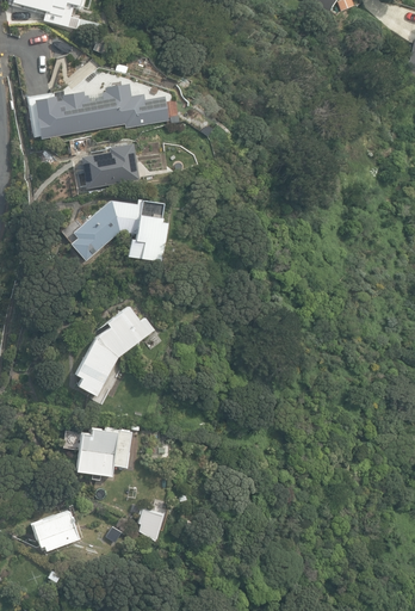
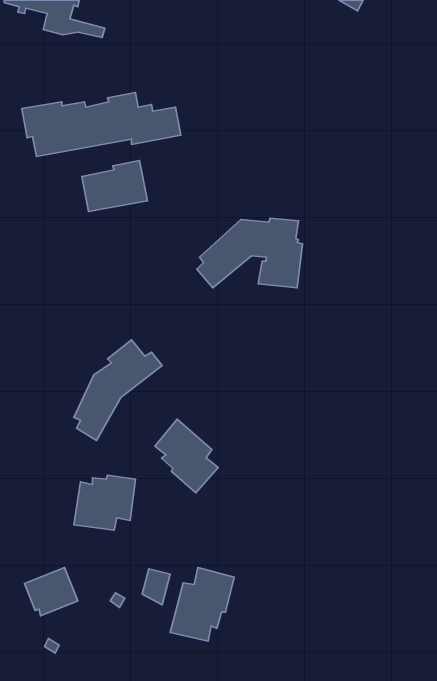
building: [70,199,165,261] -> [197,218,302,288]
building: none -> [155,419,218,493]
building: none -> [170,568,234,641]

